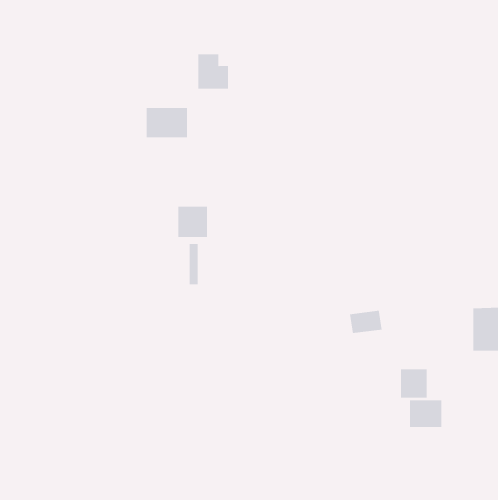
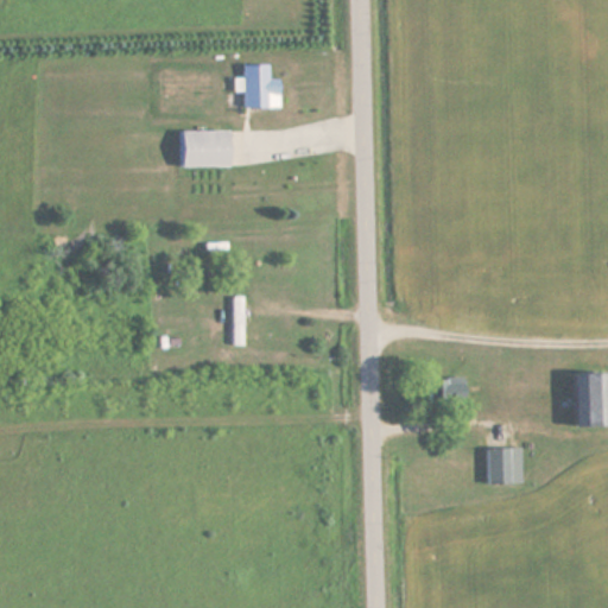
building: [178,206,207,238] -> none
building: [410,400,442,428] -> none

